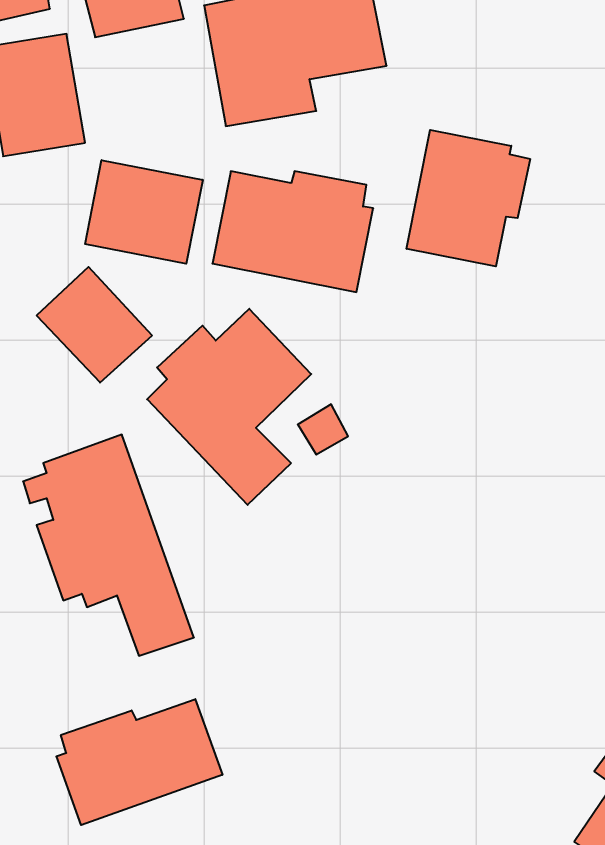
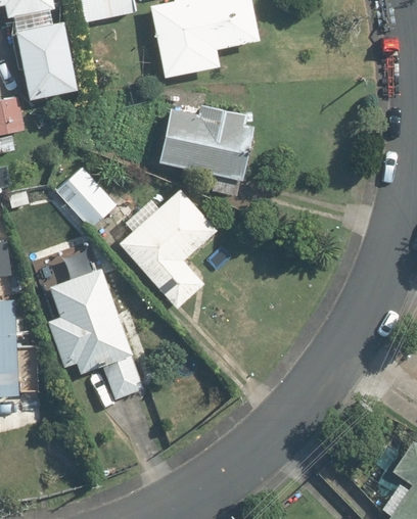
building: [407,130,530,266] -> none
building: [85,160,203,264] -> none
building: [56,699,222,825] -> none

